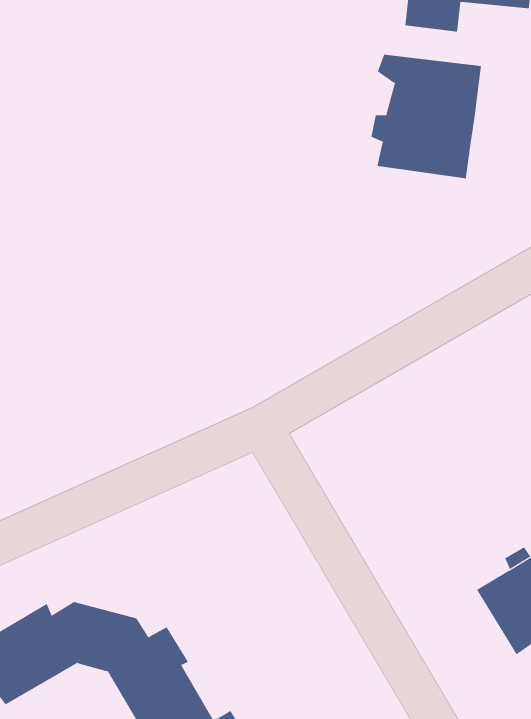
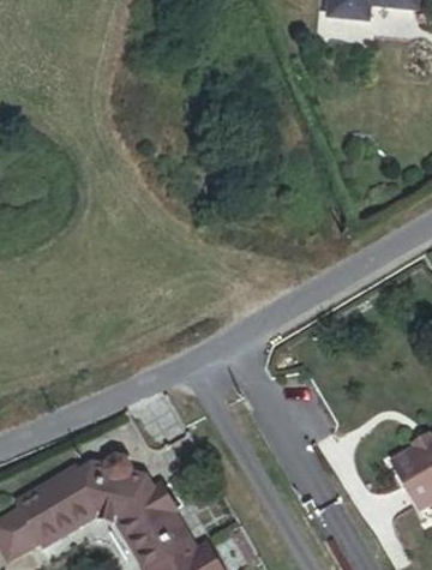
building: [371,54,481,179] -> none

